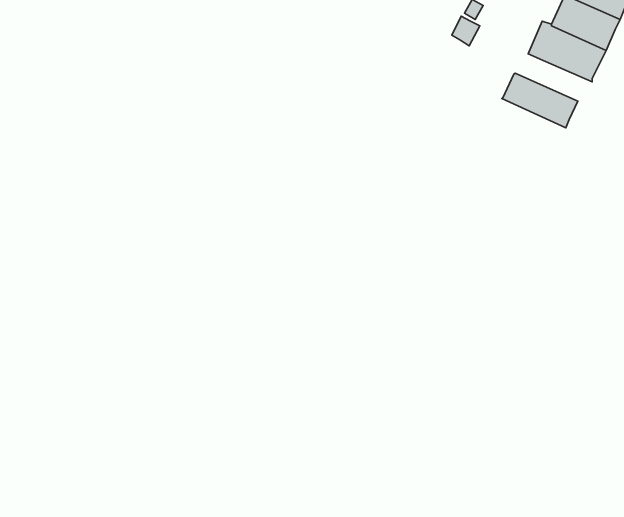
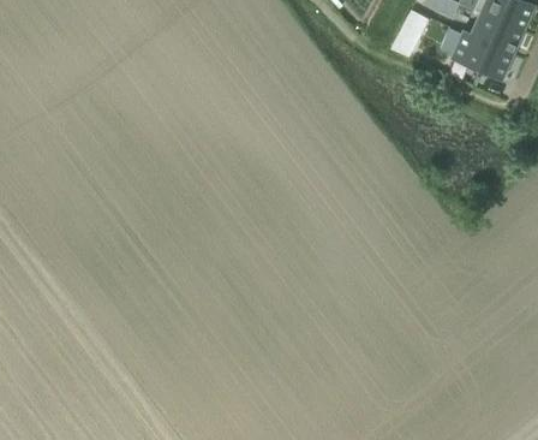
building: [502,73,578,128] -> none

